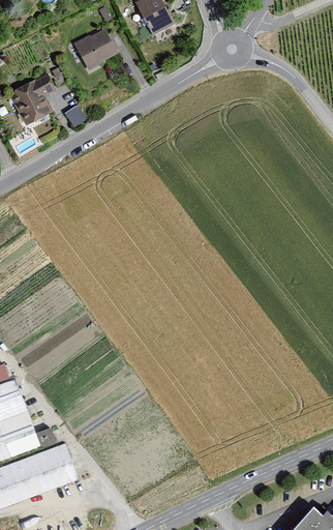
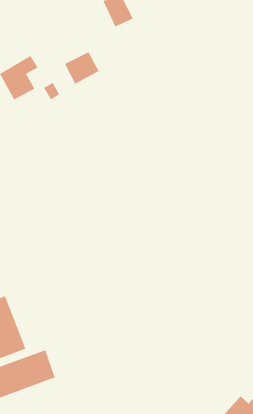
building: [73,31,118,72] -> [64,52,100,84]

